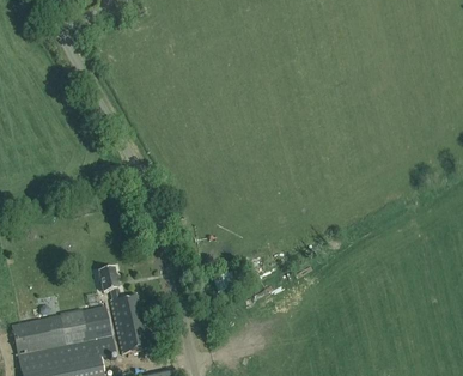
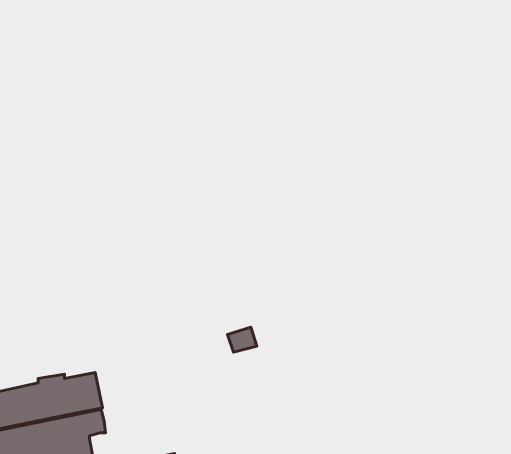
building: [97,266,158,352] -> none

